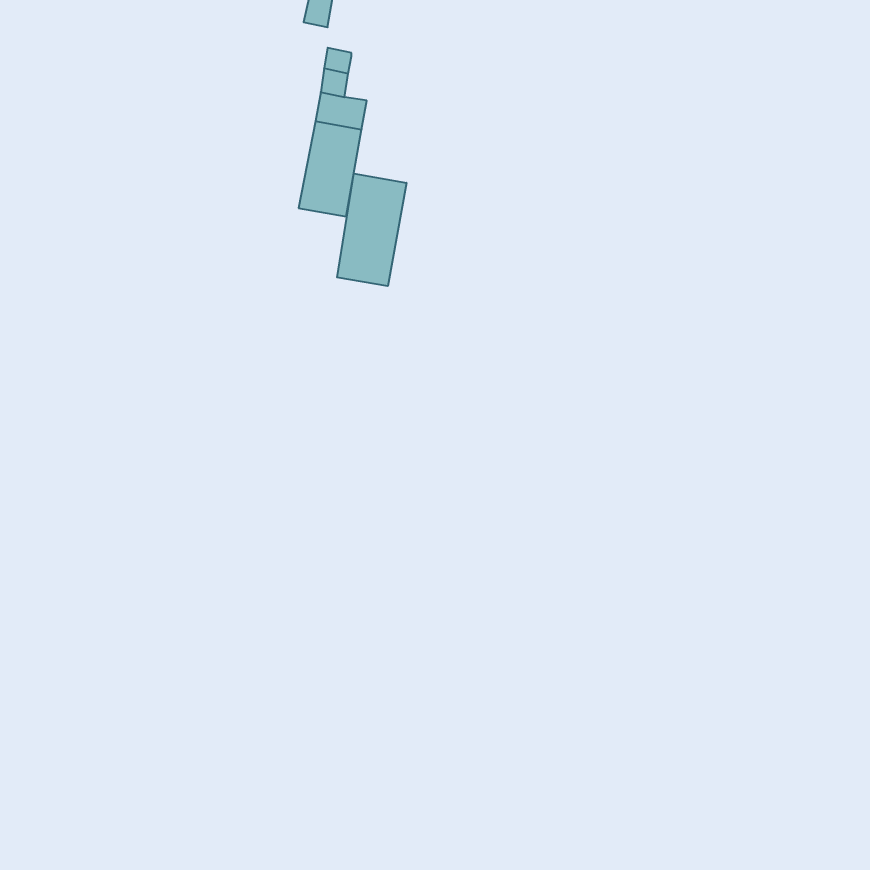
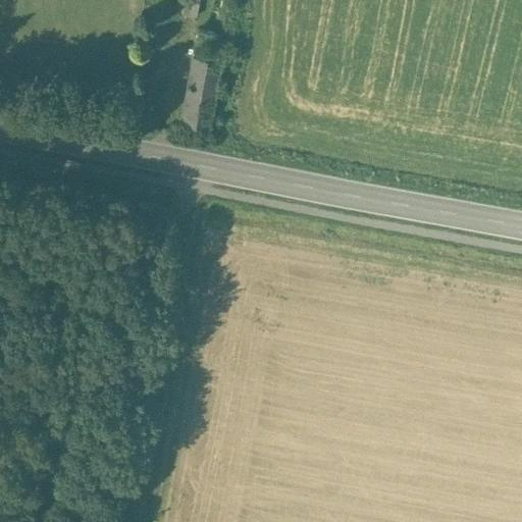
building: [337,173,406,286] -> none

